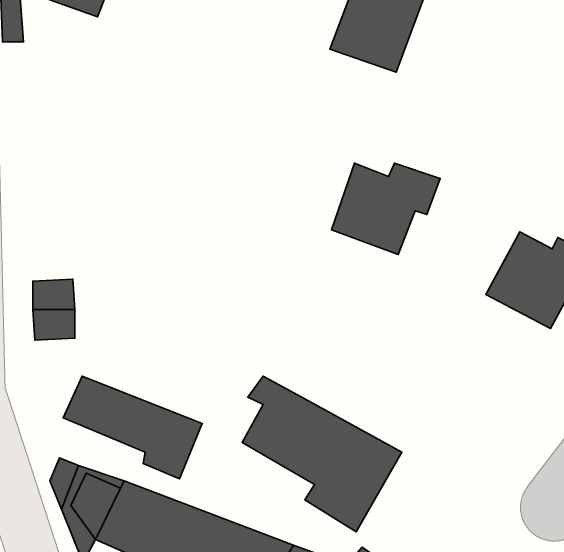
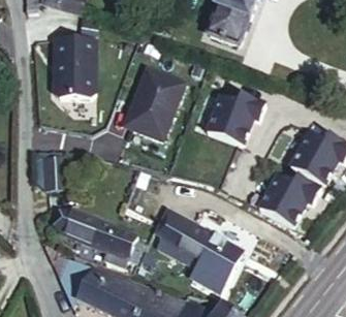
building: none -> [52,37,94,98]
building: none -> [128,68,184,142]
building: none -> [254,172,314,223]

